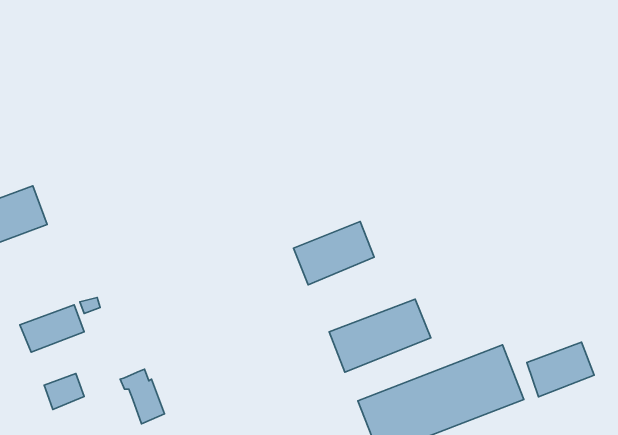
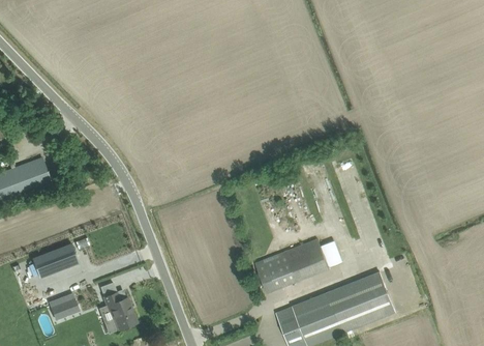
building: [293,222,374,285] -> none
building: [527,342,594,397] -> none

